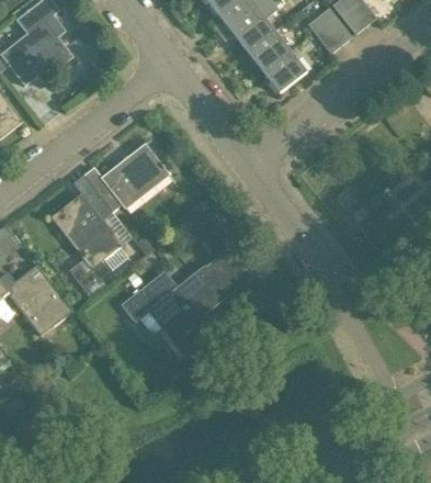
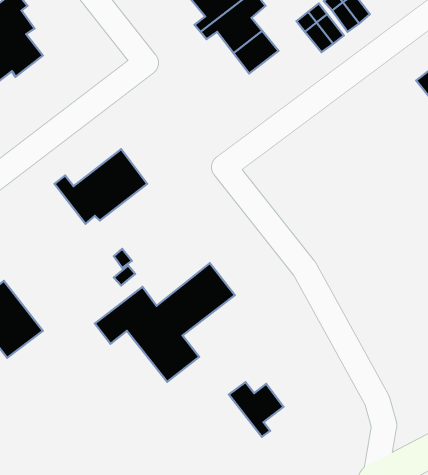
building: [263,50,306,92] -> none
building: [50,173,122,289] -> none
building: none -> [229,382,284,437]

